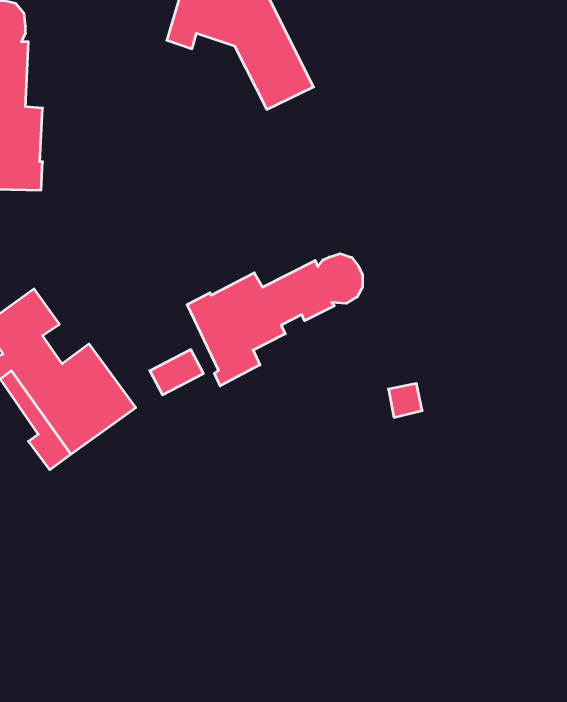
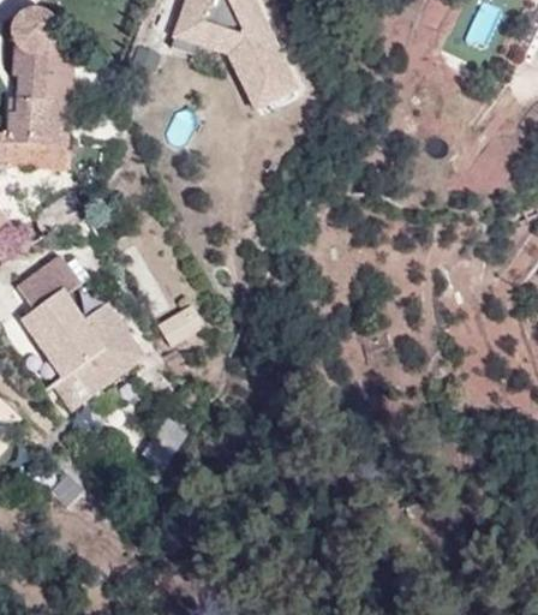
building: [187,254,363,386] -> none

